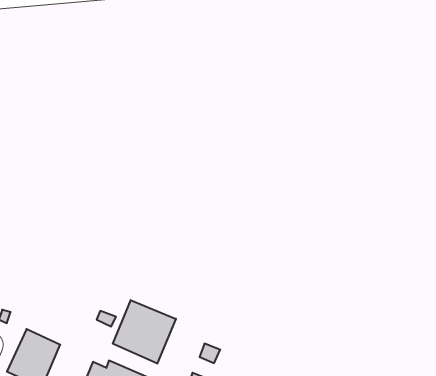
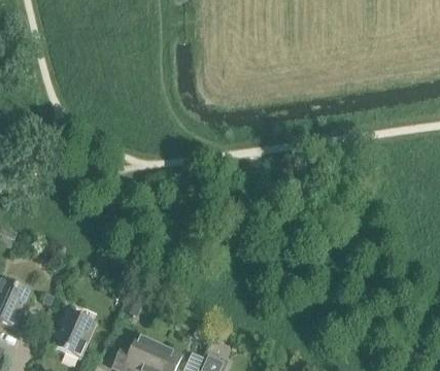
building: [113,300,176,364] -> none

